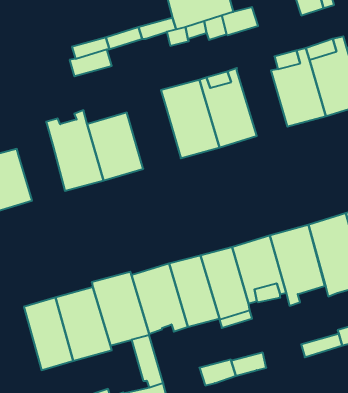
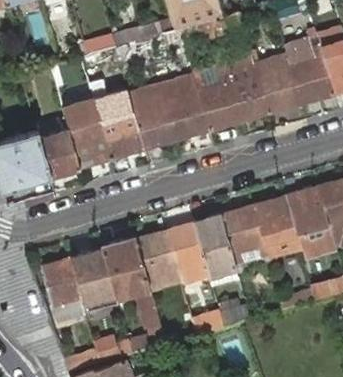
building: none -> [225,42,268,120]
building: none -> [127,81,177,148]
building: none -> [39,129,78,175]

